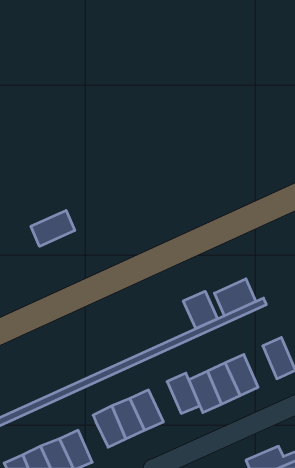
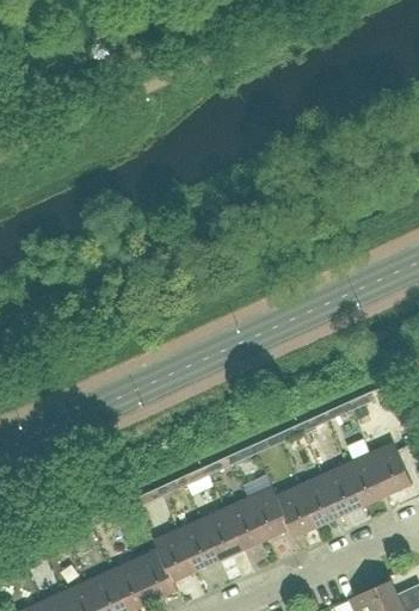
building: [31,210,75,246] -> none
building: [214,279,256,316] -> none
building: [183,291,218,328] -> none
building: none -> [344,453,386,506]
building: none -> [222,499,264,550]
building: none -> [133,550,175,601]

